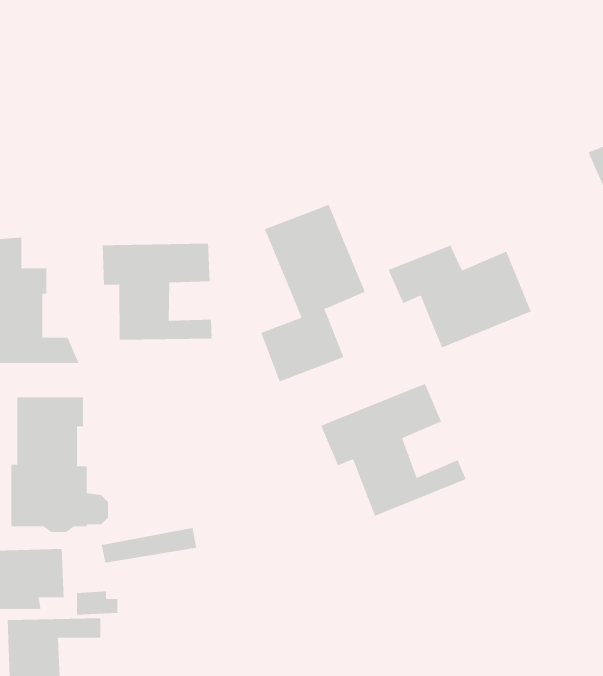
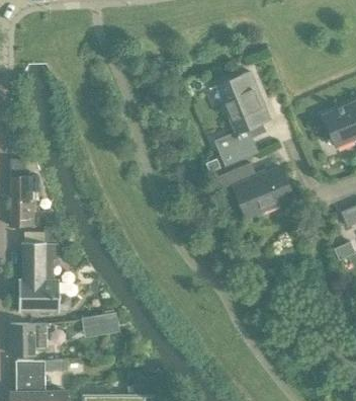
building: [260,204,366,383] -> [214,72,270,166]
building: [102,243,212,341] -> none
building: [320,383,467,517] -> none

